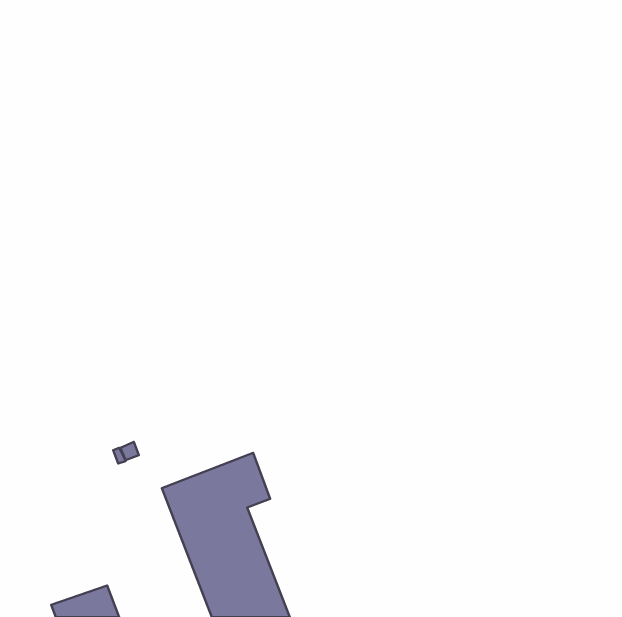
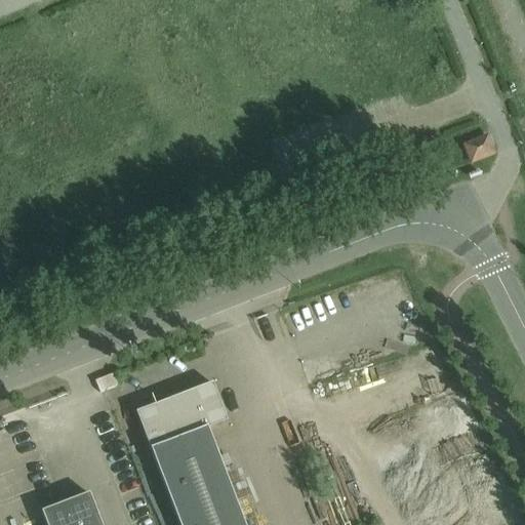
building: none -> [462,132,496,163]

